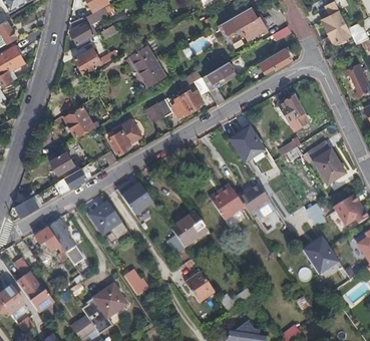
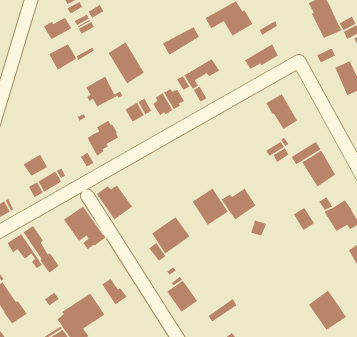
building: [63,106,99,136] -> [85,76,123,107]
building: [226,121,264,160] -> none
building: [302,235,339,274] -> [308,290,347,331]

